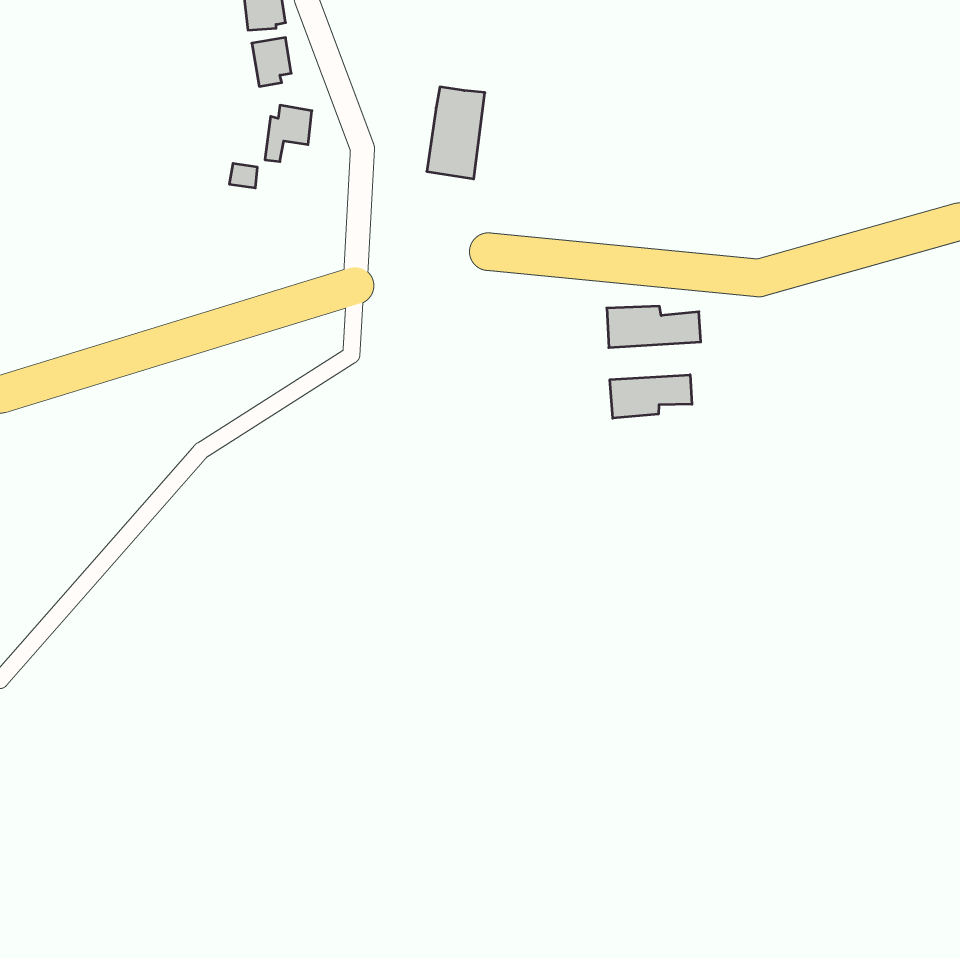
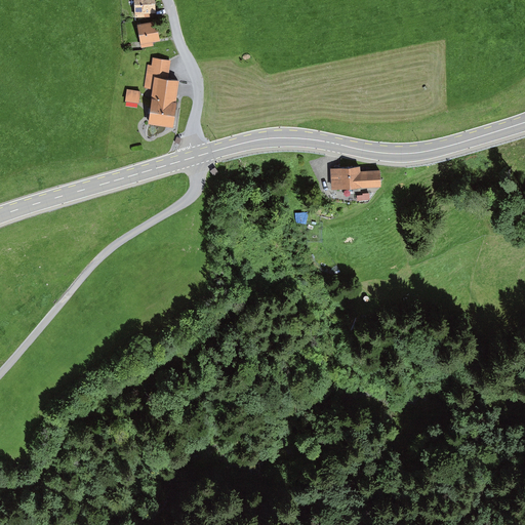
building: [427,87,485,179] -> [148,77,179,127]
building: [610,375,692,418] -> none

